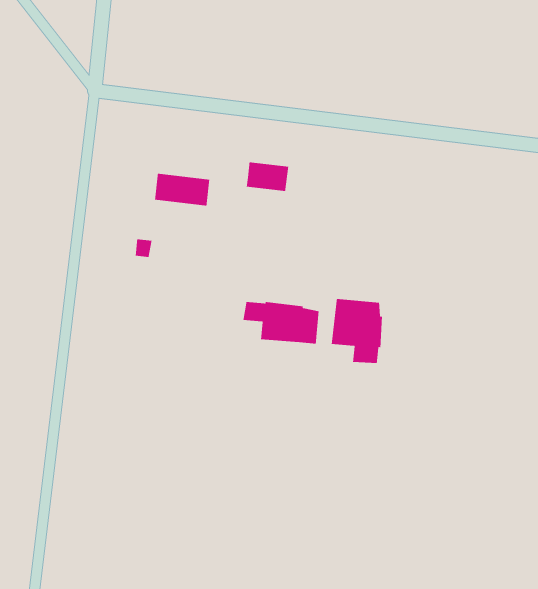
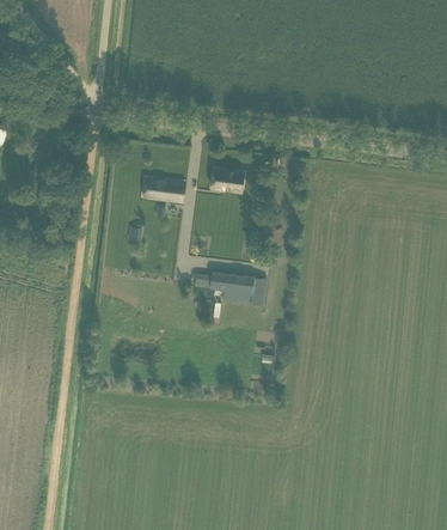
building: [331,298,383,364] -> none

